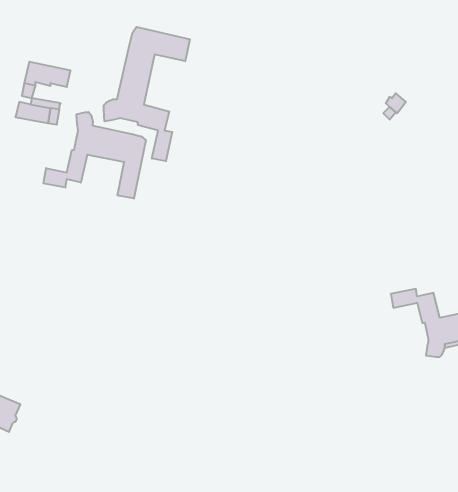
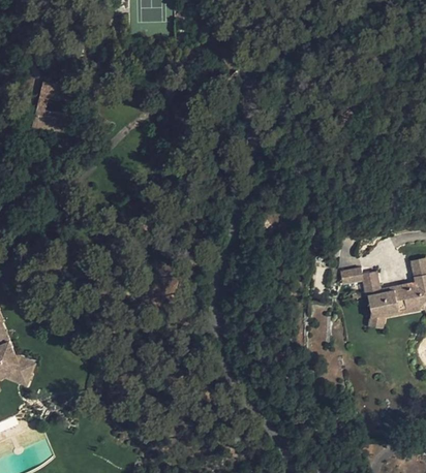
building: [104,27,190,161] -> none
building: [43,112,146,199] -> none

